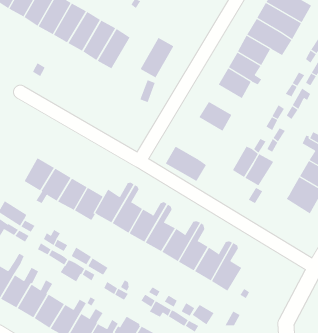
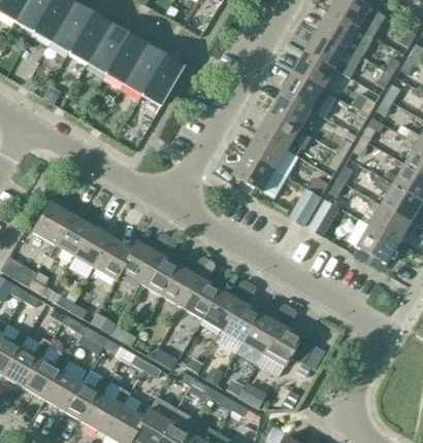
building: [140,37,174,78] -> [140,55,183,105]
building: none -> [259,112,301,155]
building: [165,146,207,182] -> [234,152,286,197]

